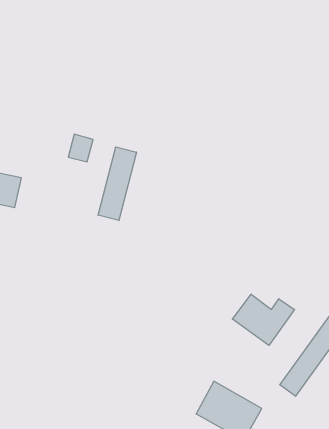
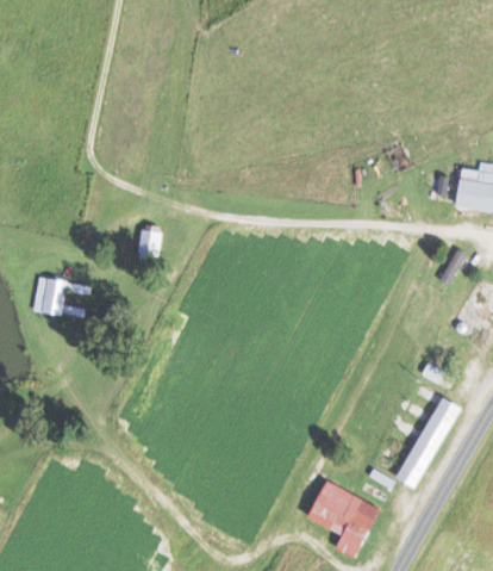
building: [98,147,136,221] -> none
building: [232,294,295,345] -> none

